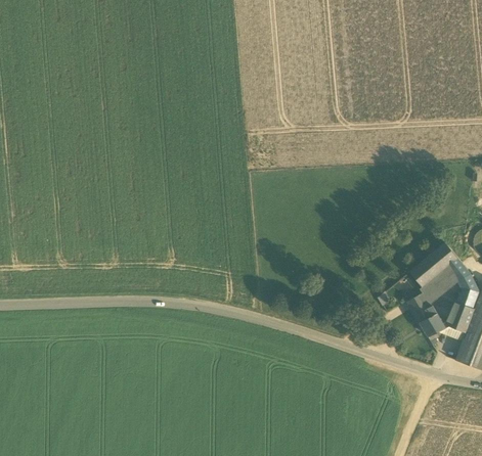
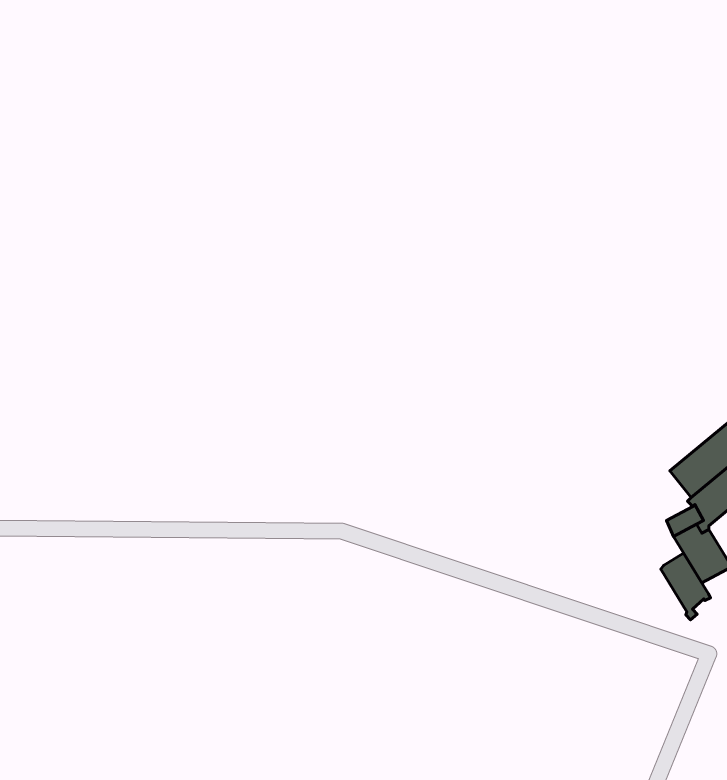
building: none -> [661,553,711,620]

